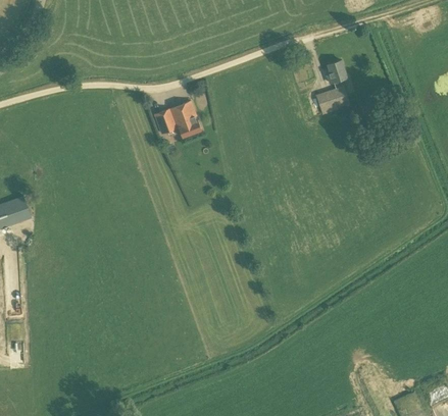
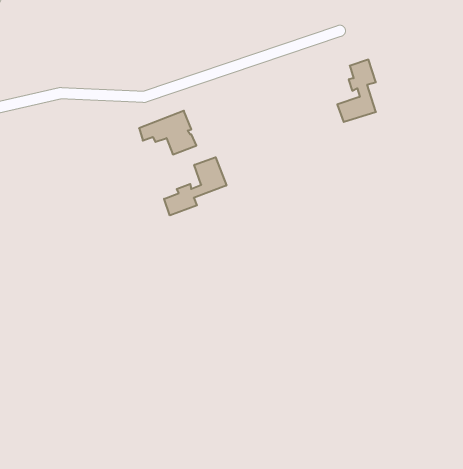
building: none -> [164,157,226,215]

